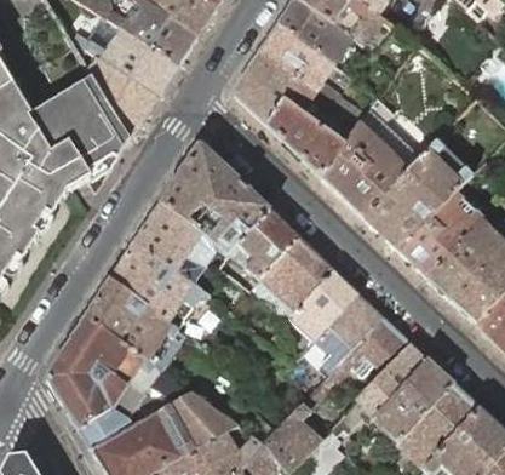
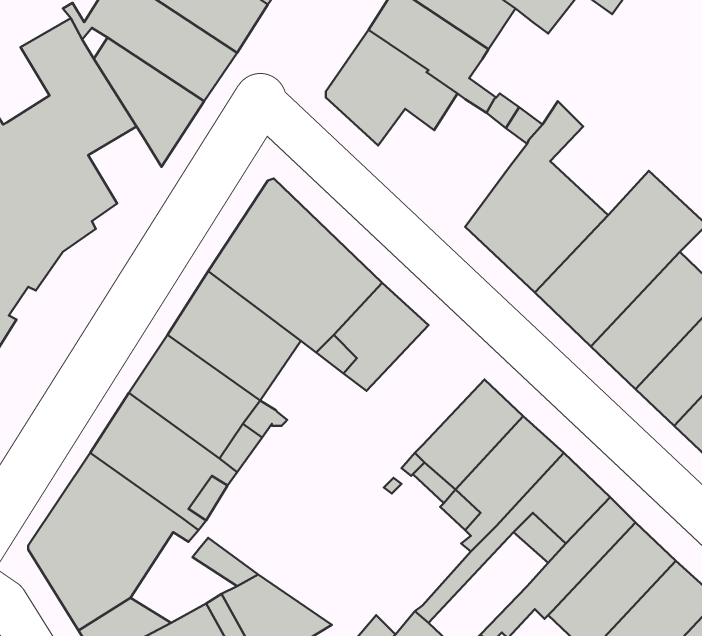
building: [266,99,349,173] -> none
building: [85,110,131,168] -> none
building: [259,235,333,310] -> none

